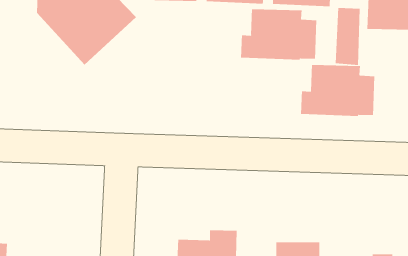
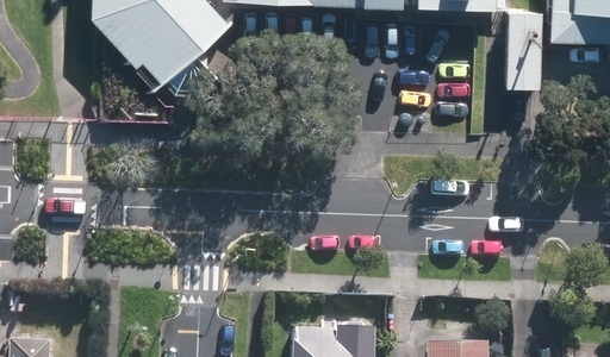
building: [241,9,317,61] -> none
building: [301,64,375,117] -> none

